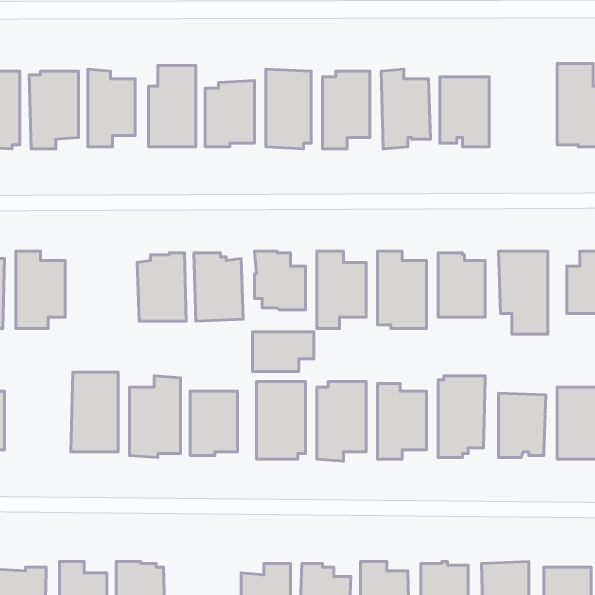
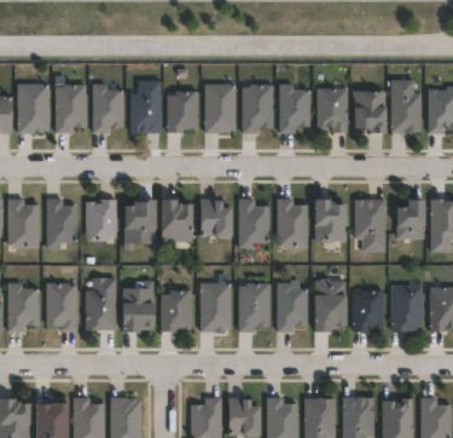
building: none -> [354,91,385,133]
building: none -> [85,198,116,241]
building: [253,332,314,371] -> none
building: none -> [46,283,77,333]

